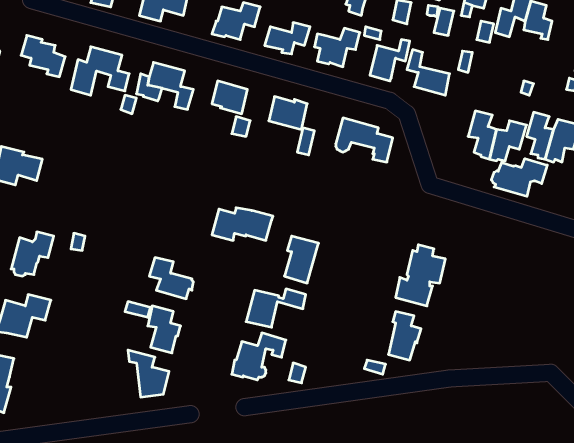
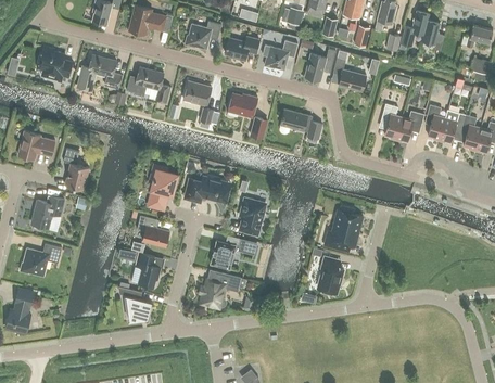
building: [491,159,547,196] -> none
building: none -> [64,148,89,190]
building: none -> [149,165,177,209]

